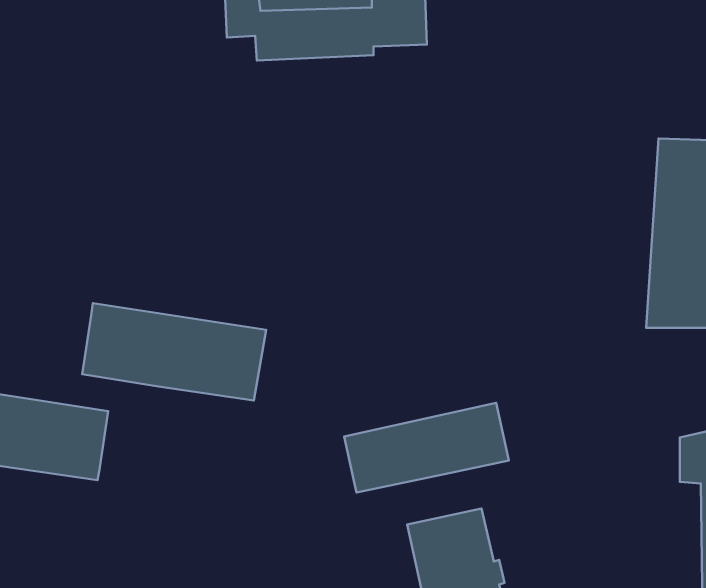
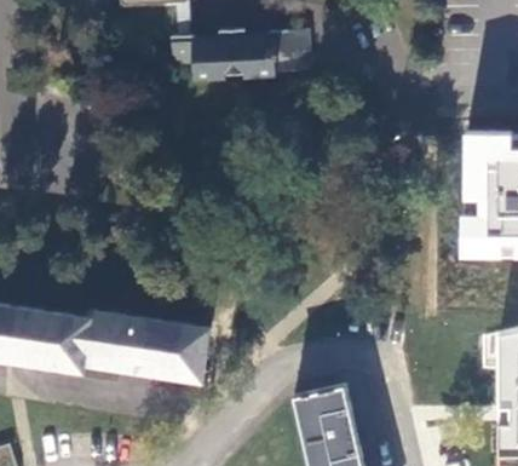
building: [82,303,266,401] -> [85,310,211,376]
building: [344,403,509,493] -> none

